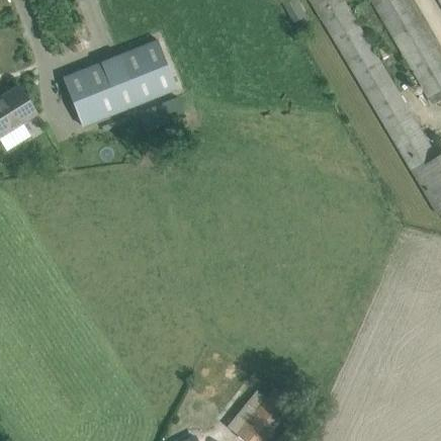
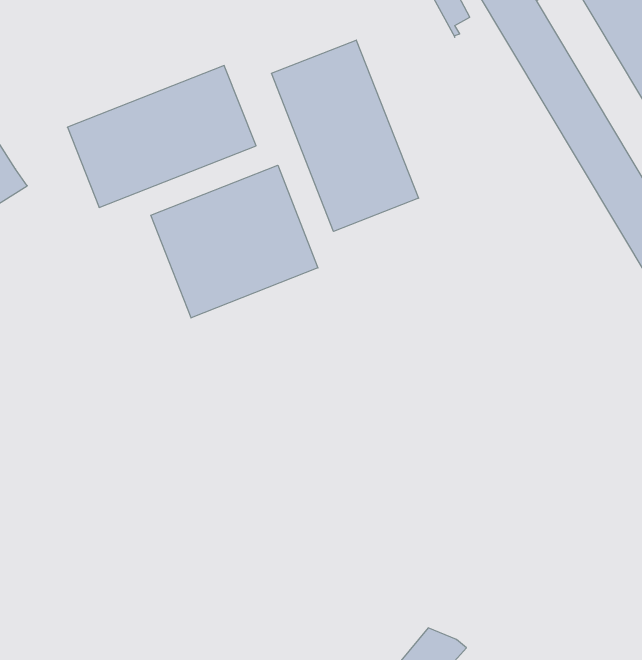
building: none -> [271,40,419,231]
building: none -> [151,165,318,318]

